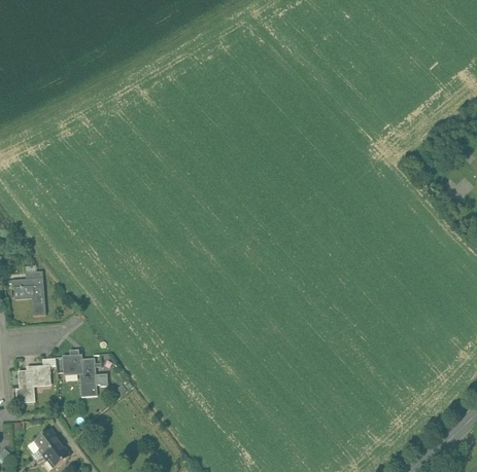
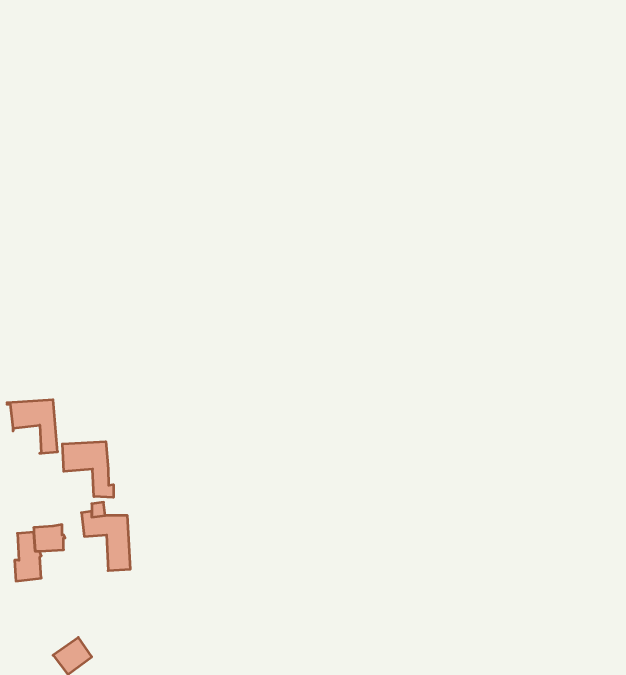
building: none -> [62,442,113,497]
building: [28,428,61,455] -> none

